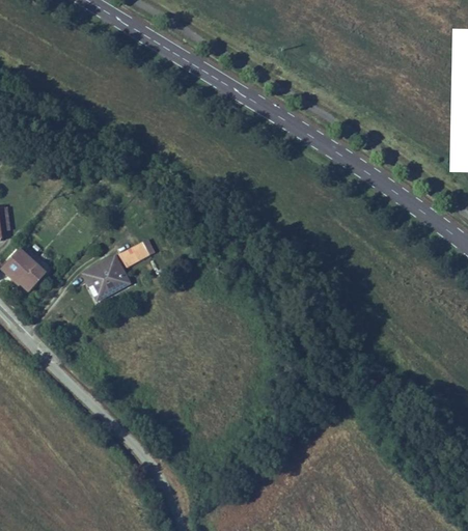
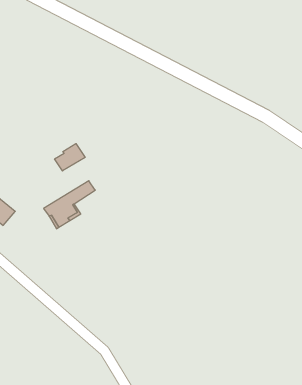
building: none -> [55,144,85,171]

